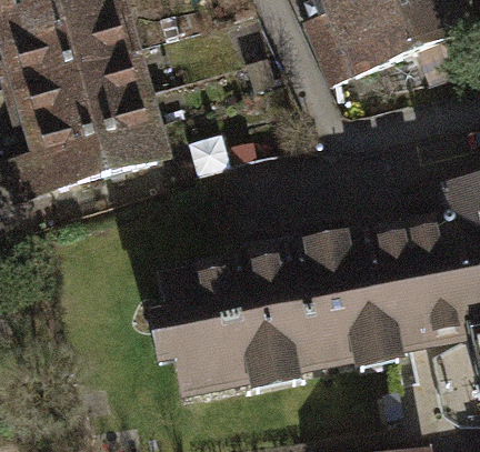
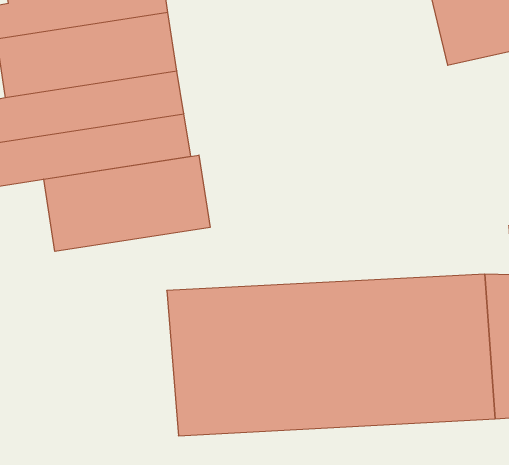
building: none -> [44,155,210,251]

